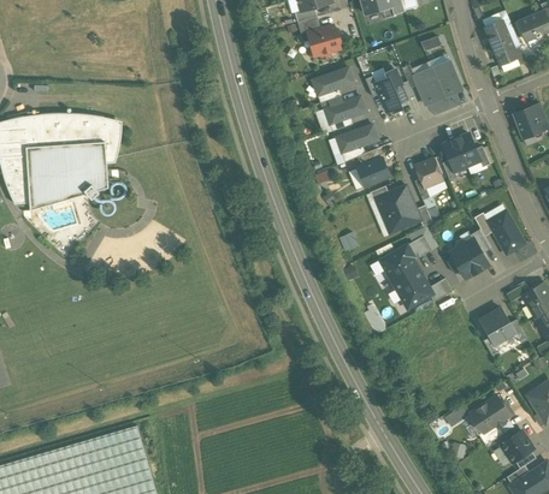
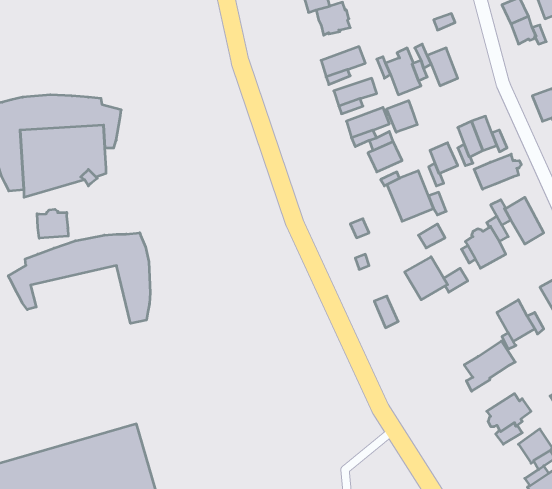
building: [431,60,460,96] -> none
building: none -> [387,101,417,132]
building: none -> [474,154,521,189]
building: none -> [37,209,68,238]
building: none -> [8,233,150,323]
building: [379,245,417,280] -> none
building: none -> [464,341,515,391]

